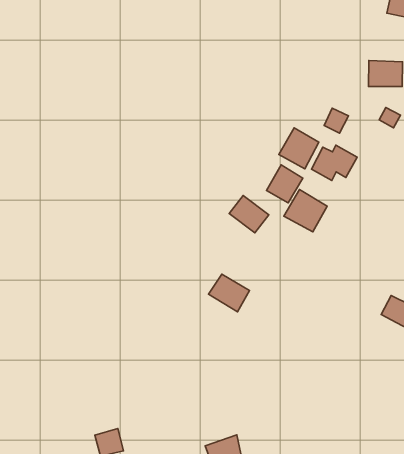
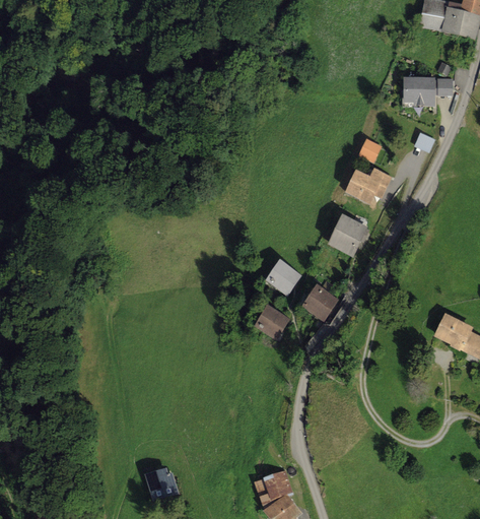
building: [279,128,319,169] -> none
building: [266,165,303,203] -> none
building: [229,195,269,233] -> [265,260,305,298]
building: none -> [303,284,340,320]

